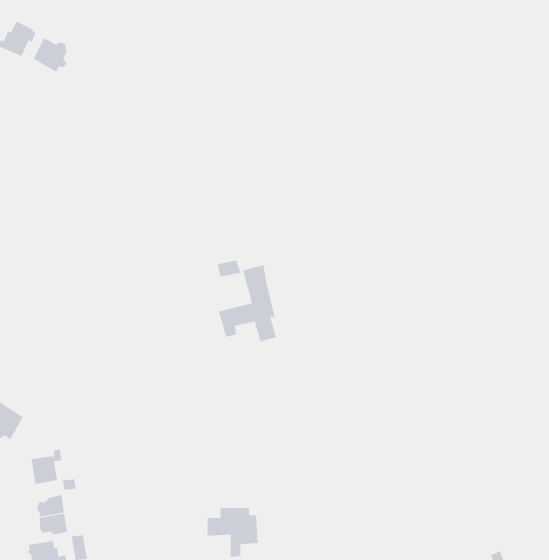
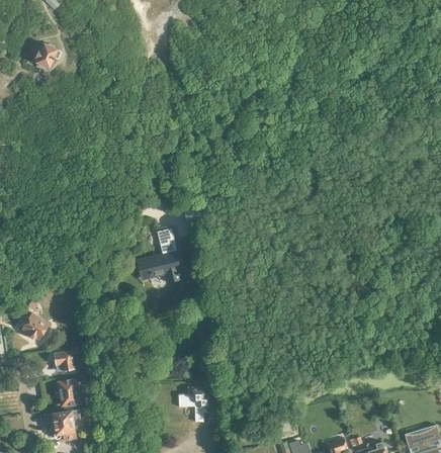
building: [33,37,68,73] -> none
building: [218,264,277,342] -> [139,228,180,282]

